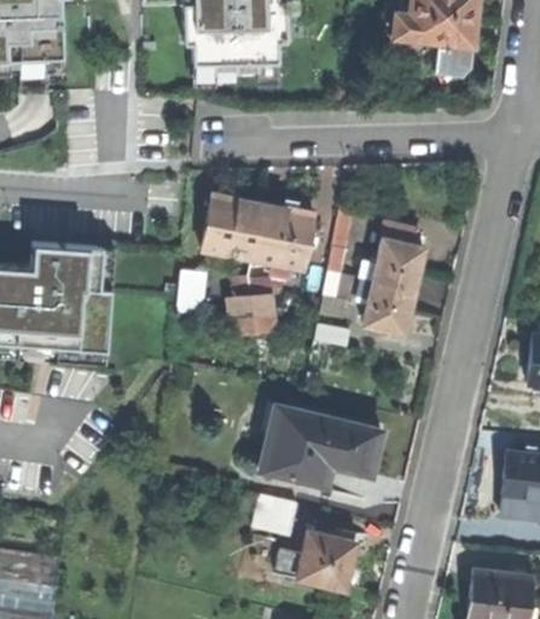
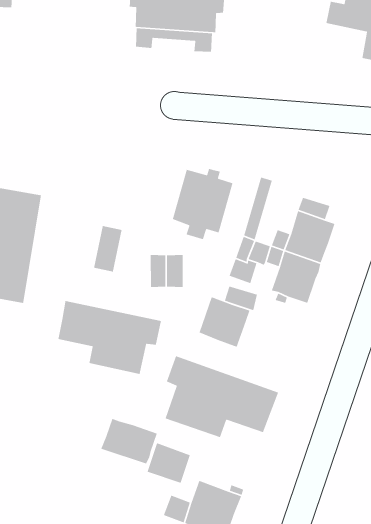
building: [203,190,262,266] -> none
building: none -> [198,296,251,348]
building: none -> [58,300,162,375]
building: none -> [100,418,158,465]

